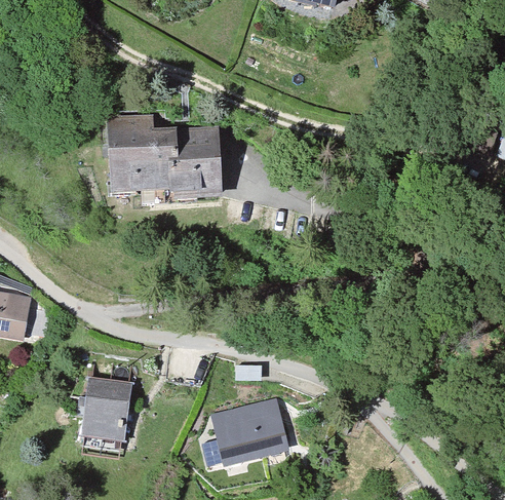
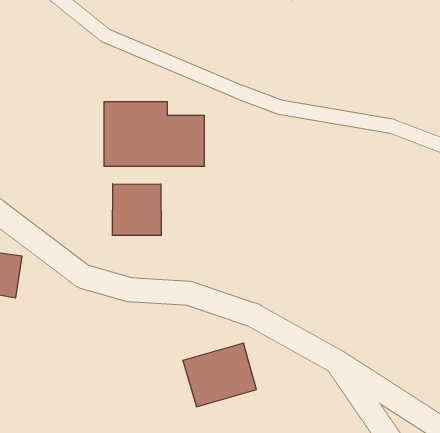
building: none -> [112,184,161,235]
building: [77,376,126,446] -> none

